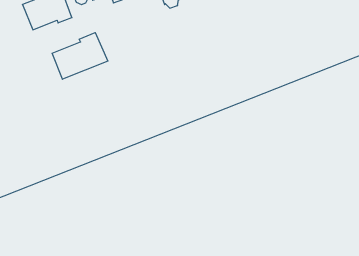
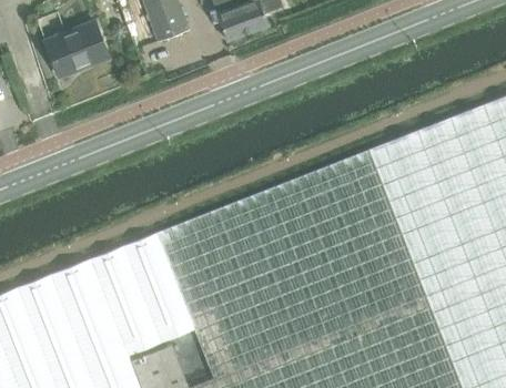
building: [52,33,108,79] -> none

